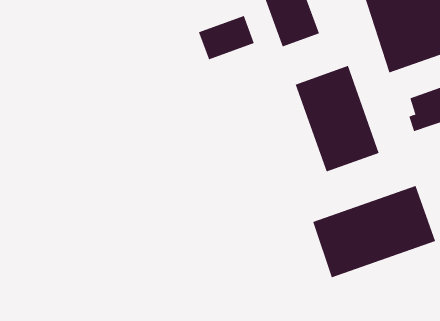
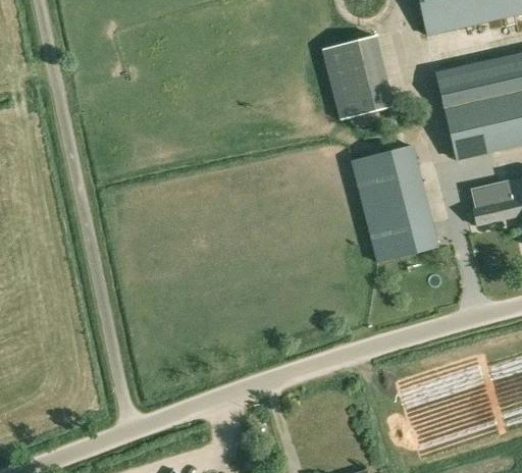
building: [198,15,255,60] -> none
building: [313,185,436,278] -> none

